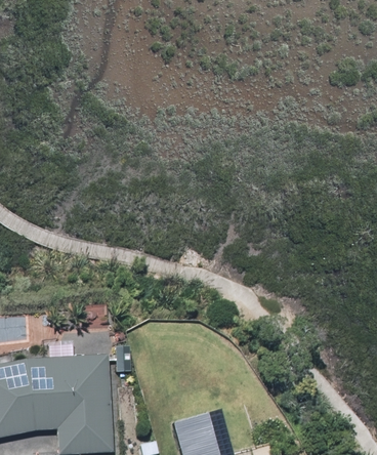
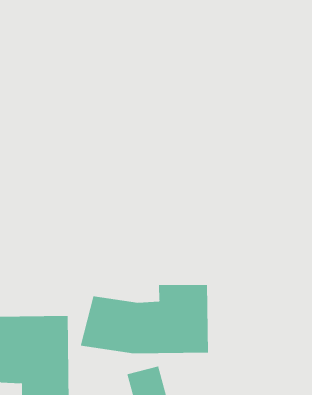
building: none -> [80,284,209,354]

